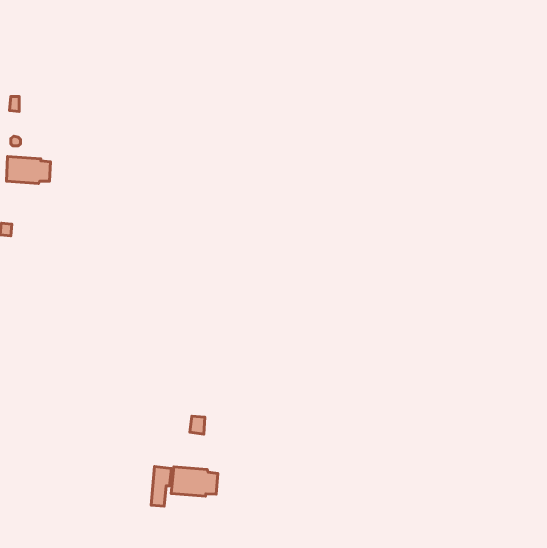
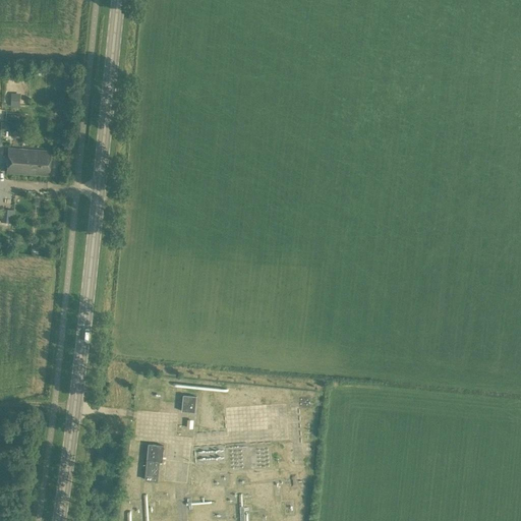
building: [171,467,218,496] -> none

